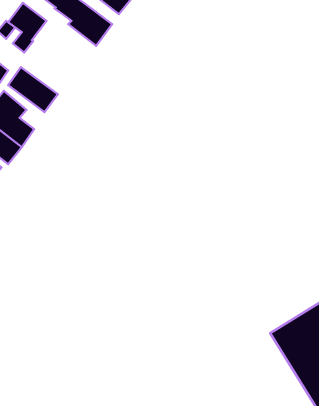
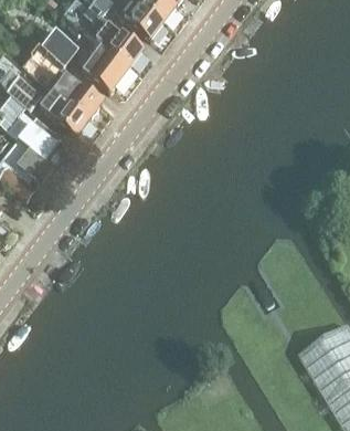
building: none -> [78,50,126,92]
building: none -> [52,82,100,118]

